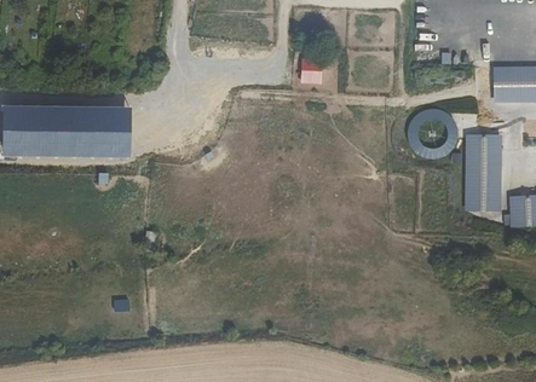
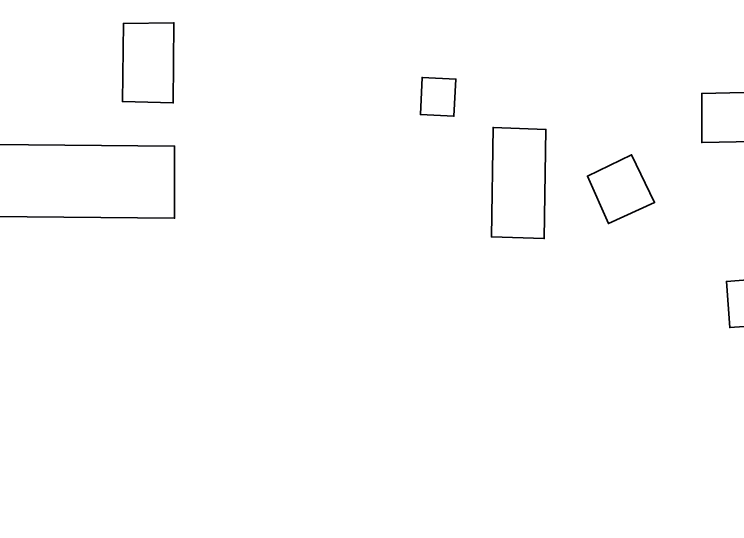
building: none -> [123,23,174,103]
building: [465,134,502,210] -> [491,128,546,238]

